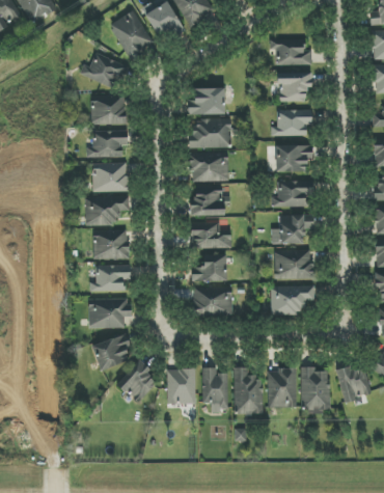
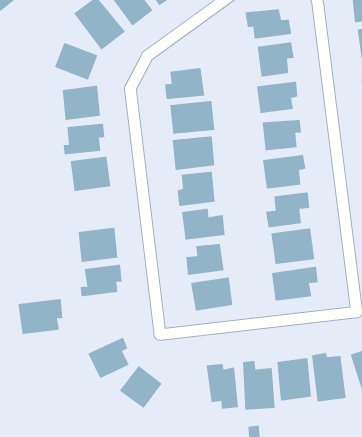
building: [85,195,130,224] -> none
building: [88,298,130,328] -> [18,299,63,334]
building: [167,368,196,404] -> none

